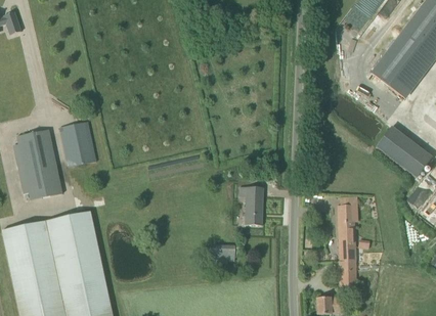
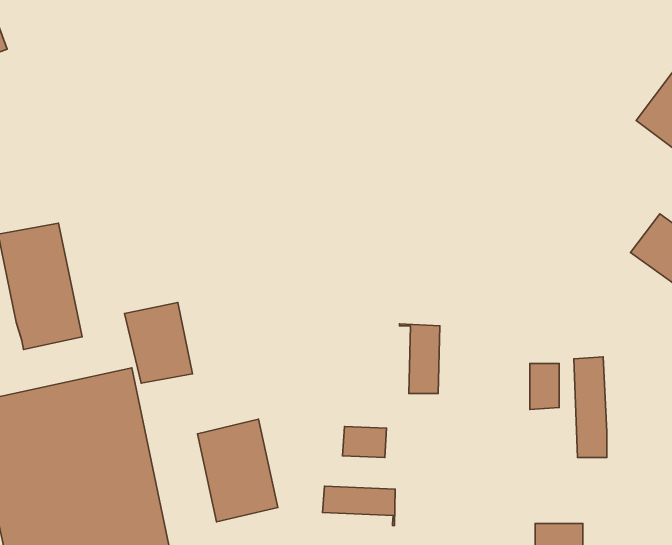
building: [58,121,96,166] -> [125,303,192,383]
building: none -> [197,419,278,522]
building: [339,260,355,285] -> [530,364,559,409]
building: none -> [323,486,395,526]

